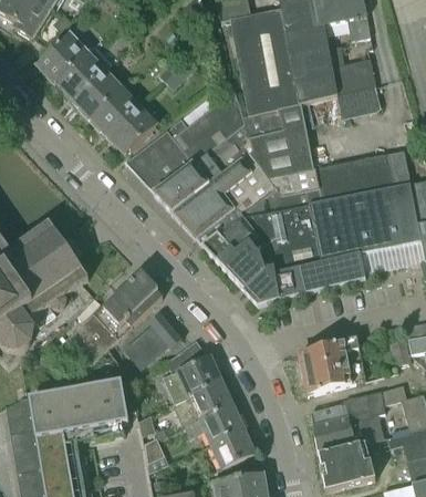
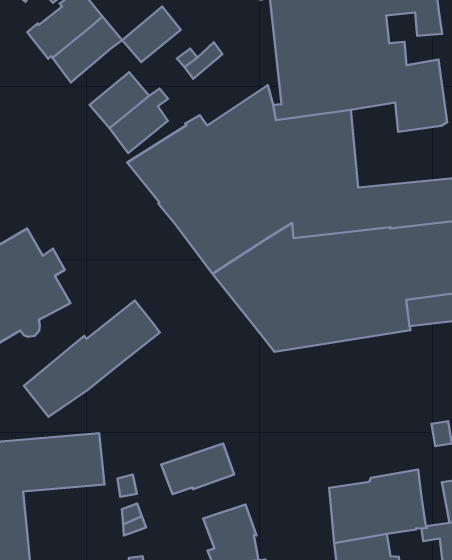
building: [74,70,121,116] -> [122,6,181,62]
building: [124,311,181,366] -> none
building: [299,335,359,394] -> none
building: [167,339,221,395] -> none
building: [184,405,243,443] -> none

